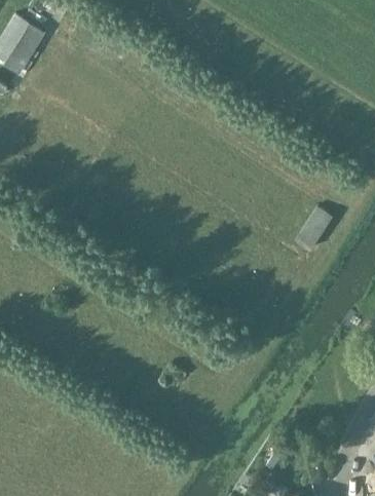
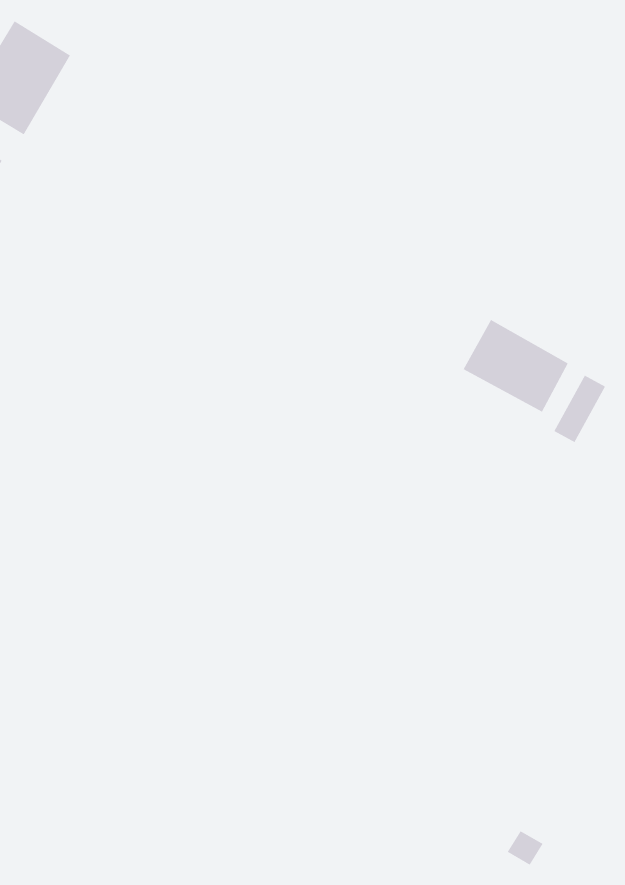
building: none -> [463,319,568,413]

